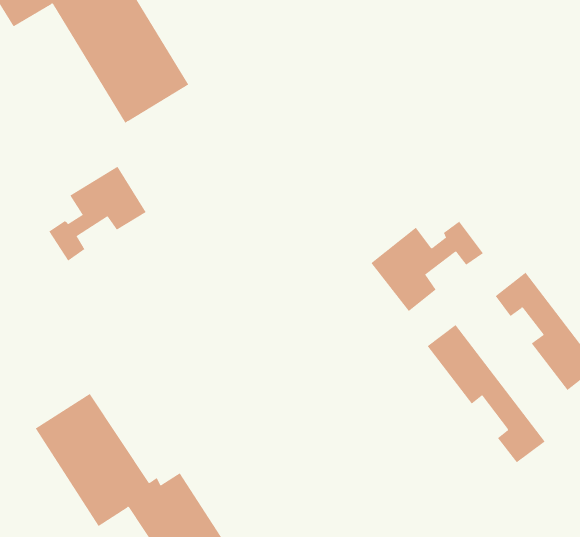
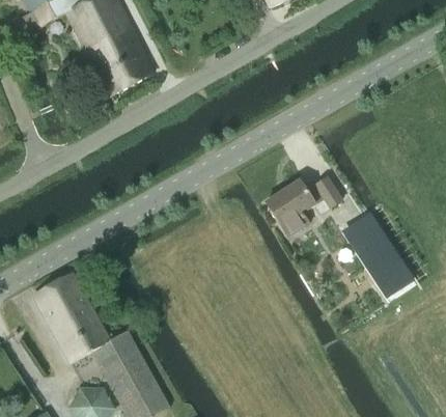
building: [48,166,147,261] -> none
building: [427,324,545,463] -> none

